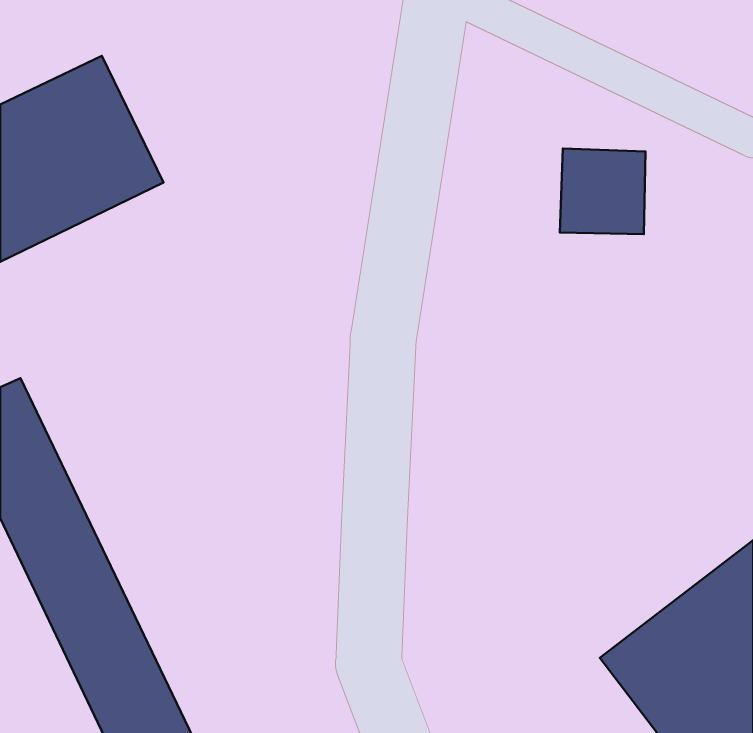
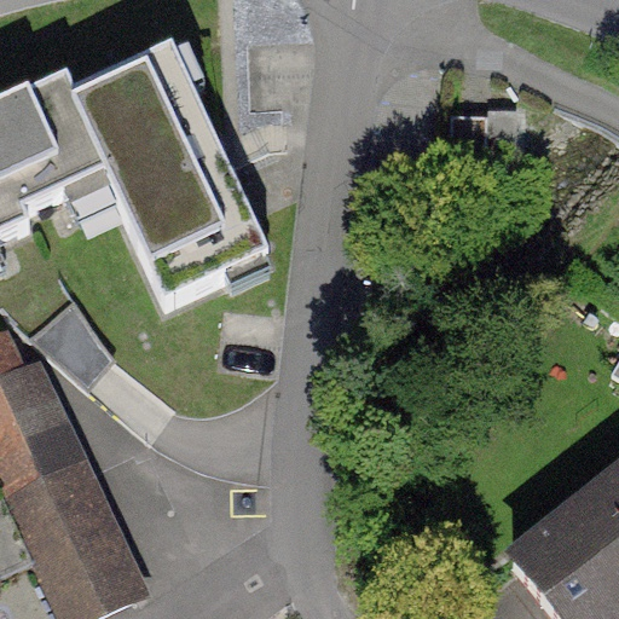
building: none -> [87,28,262,277]

